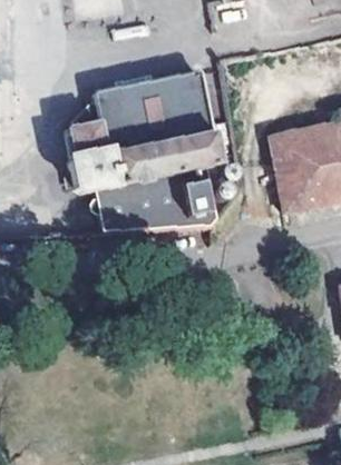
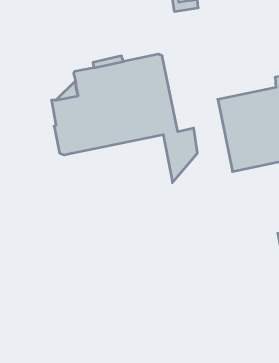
building: [90,171,212,235] -> none

